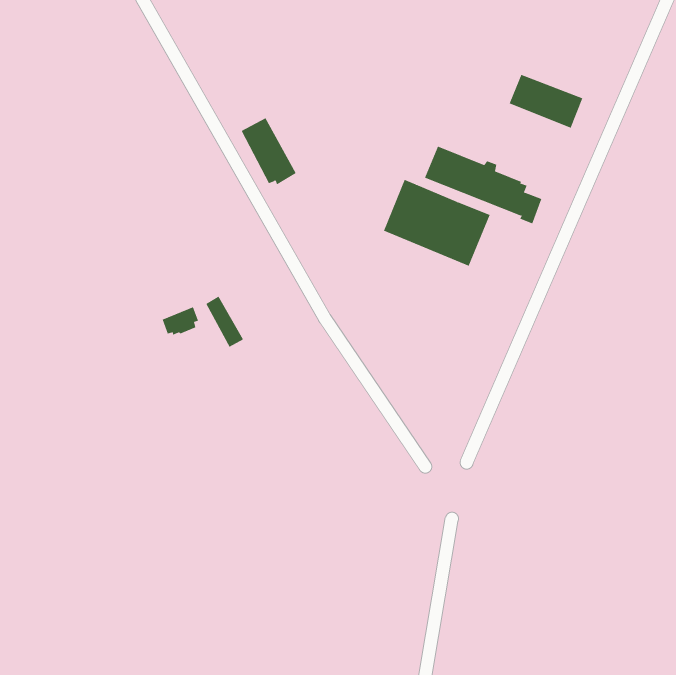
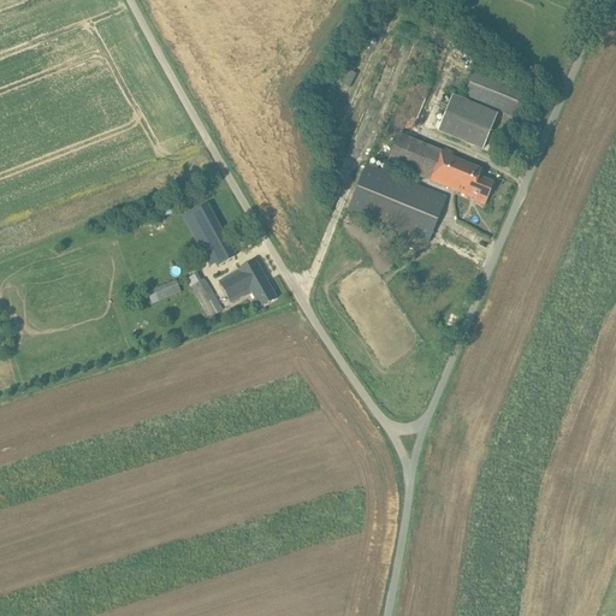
building: none -> [437,94,496,147]
building: [241,117,296,185] -> [185,203,236,265]
building: none -> [220,259,278,306]

